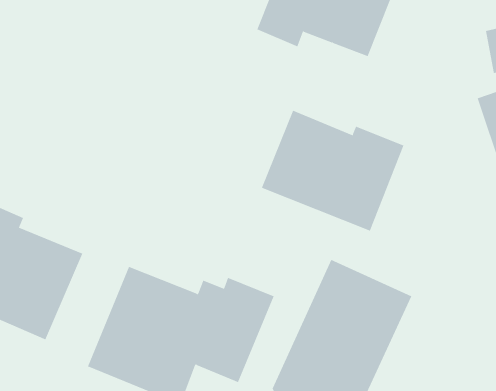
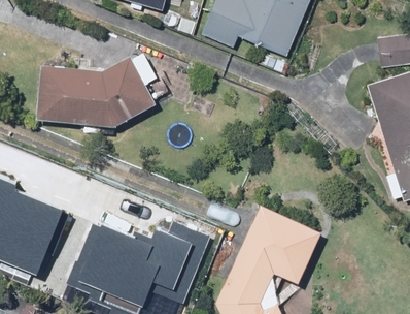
building: none -> [35,58,151,128]
building: [261,110,404,231] -> none

